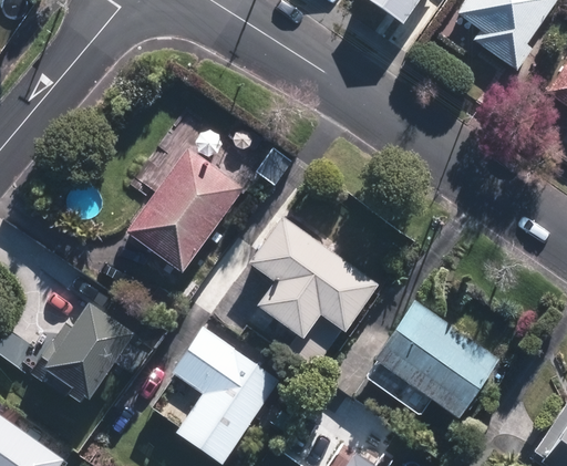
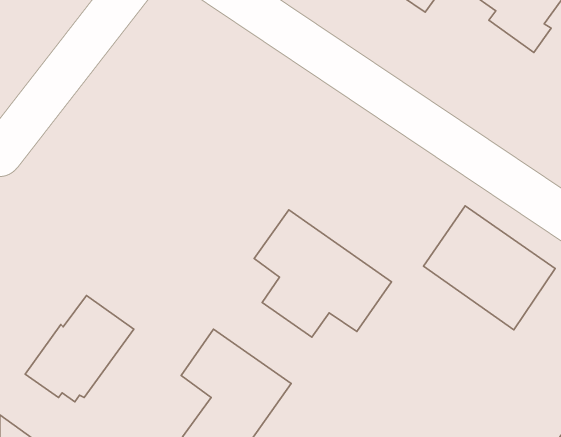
building: [123,147,240,271] -> none
building: [372,302,498,421] -> [423,206,555,330]

